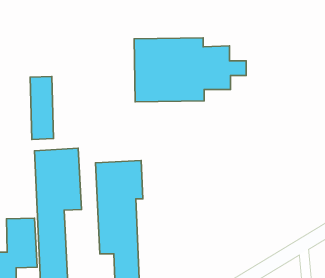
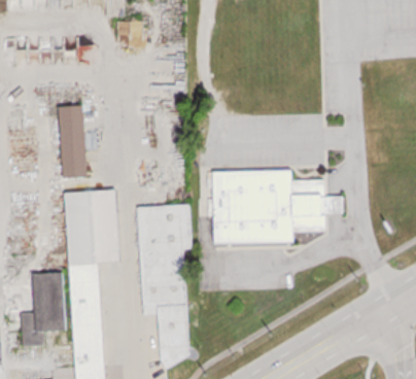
building: [134,38,246,102] -> [212,170,344,245]

